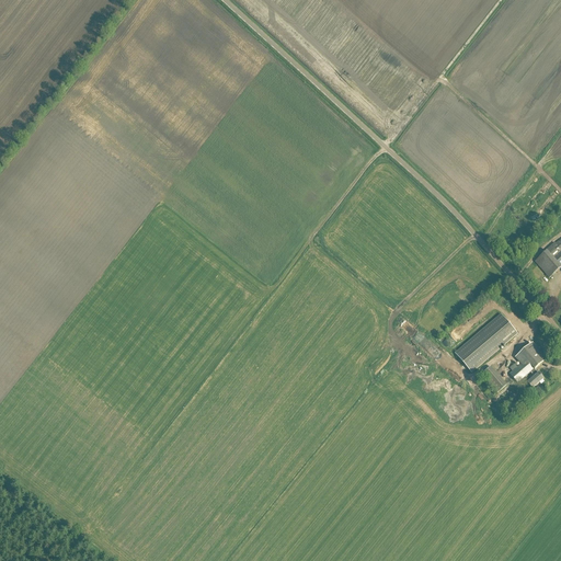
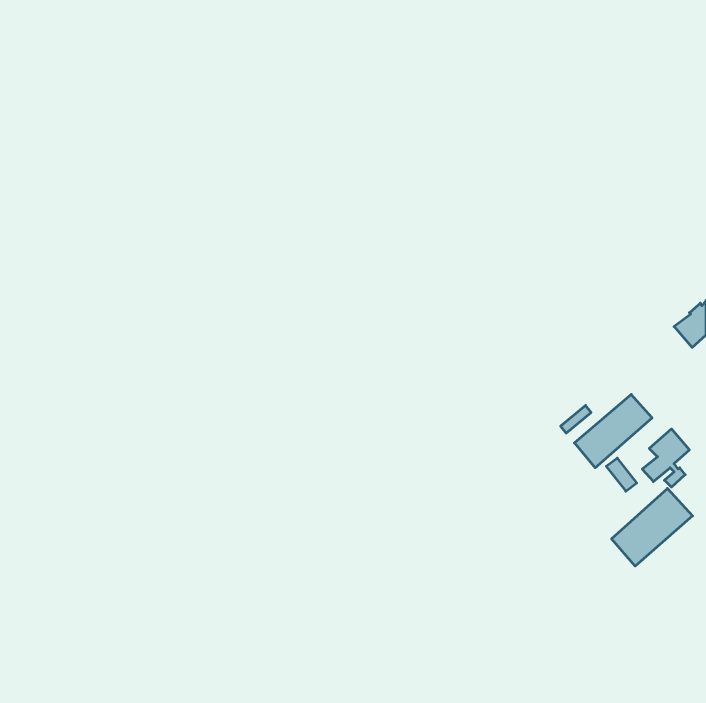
building: none -> [612,488,693,566]

